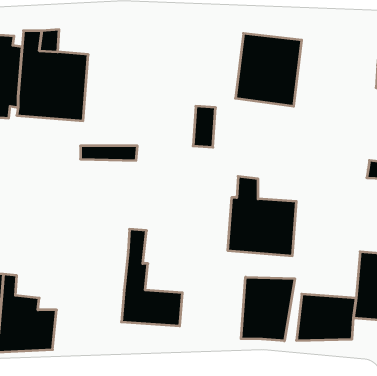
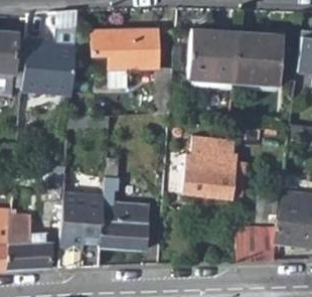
building: none -> [94,28,162,67]
building: none -> [232,33,282,90]
building: none -> [58,191,107,269]
building: [241,277,295,341] -> none

